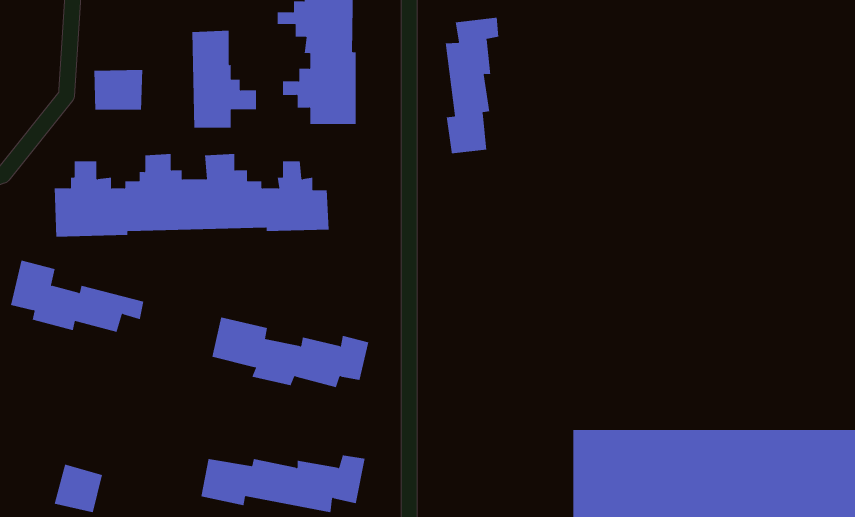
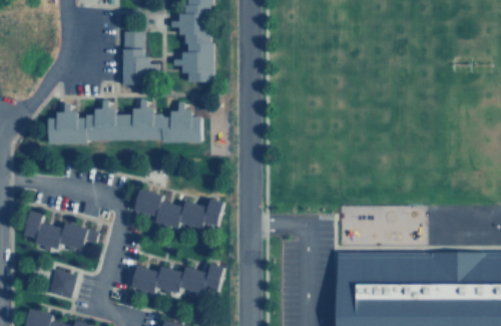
building: [445,17,499,154] -> none
building: [94,69,143,111] -> none
building: [10,260,144,333] -> [25,210,99,250]

